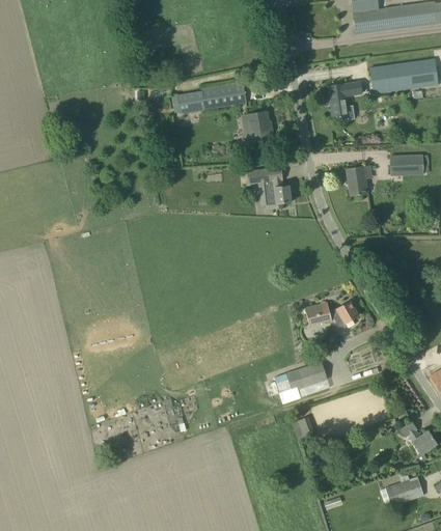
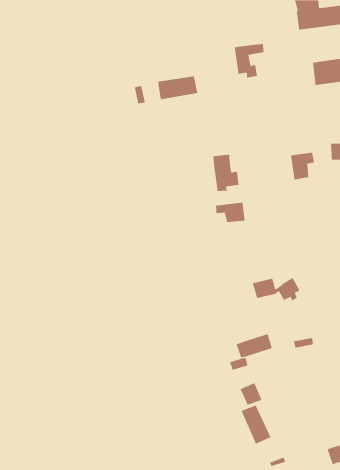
building: [328,82,361,120] -> [234,43,264,78]
building: [241,111,273,142] -> none
building: none -> [215,202,245,223]
building: none -> [240,404,271,445]

